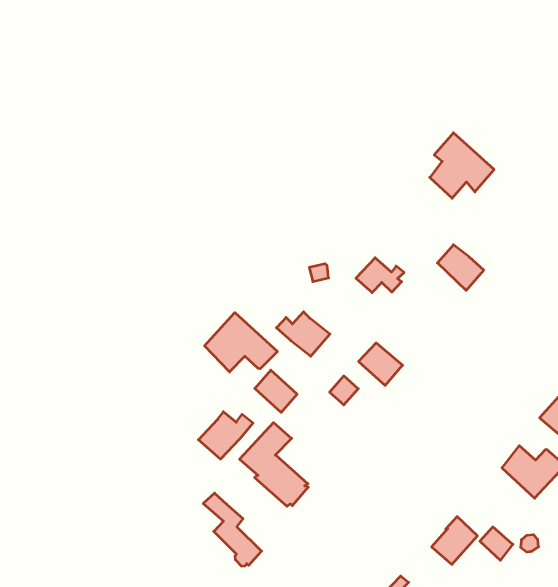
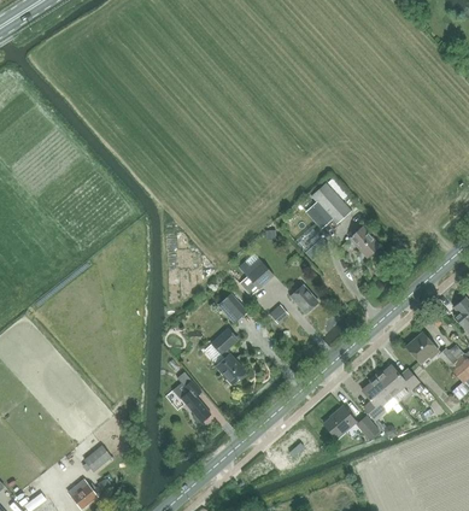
building: [430,133,494,198] -> [309,182,352,225]
building: [205,313,277,372] -> none
building: [198,412,253,459] -> none
building: none -> [363,377,397,419]

